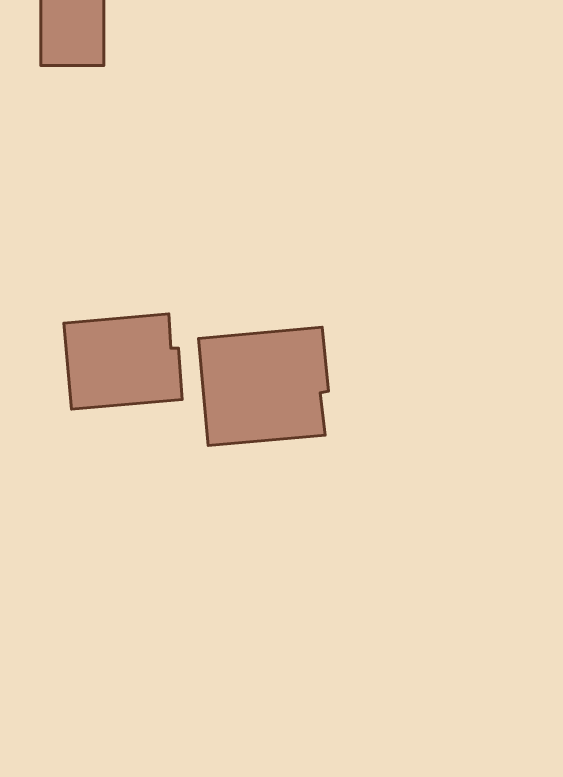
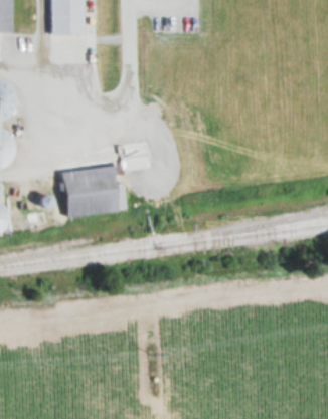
building: [199,327,329,445] -> none

